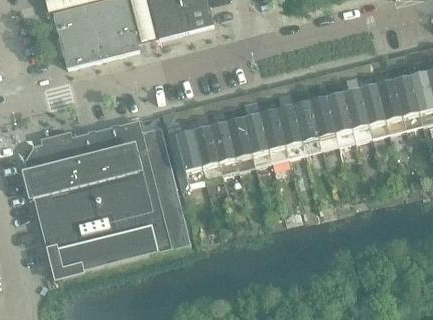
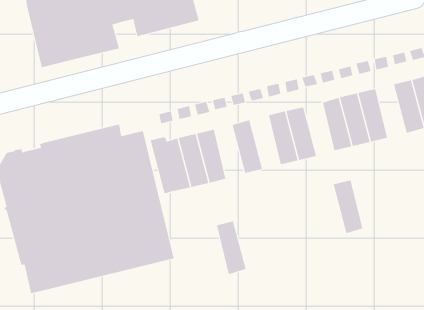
building: [377,81,405,131] -> none
building: [310,98,338,148] -> [333,180,363,234]
building: [260,110,288,160] -> none
building: [227,119,255,169] -> [216,221,246,275]

